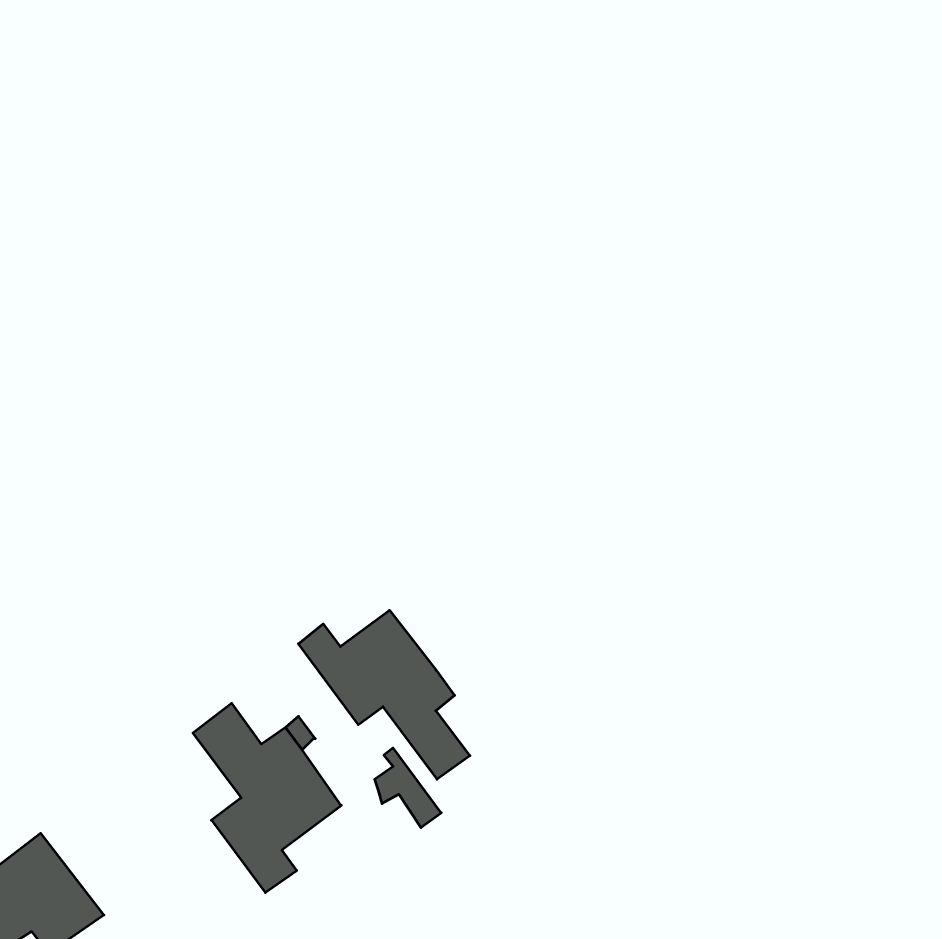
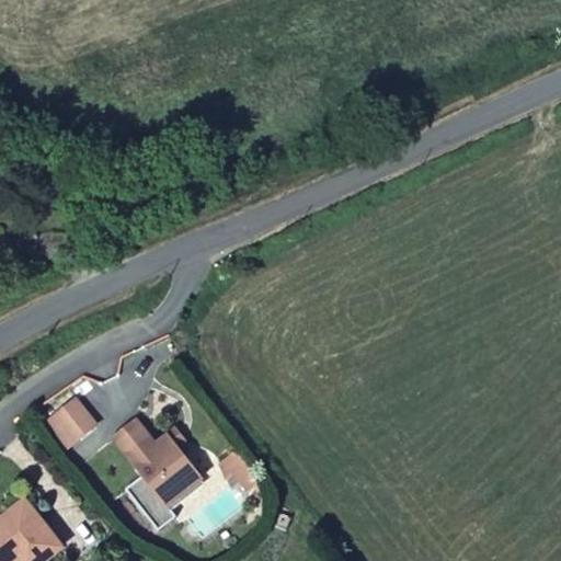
building: [298,610,470,779] -> none
building: none -> [48,398,96,446]

